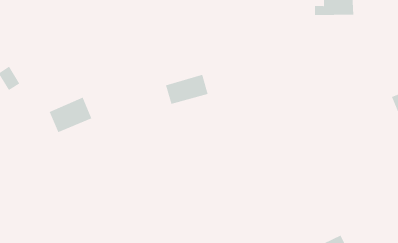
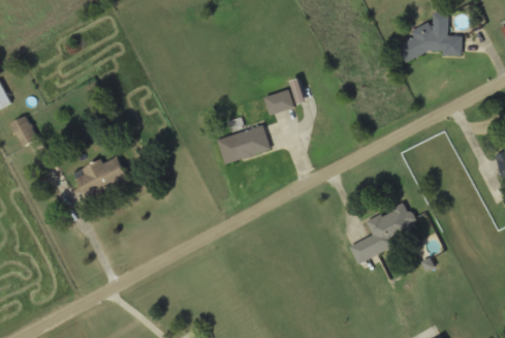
building: none -> [264,89,294,115]
building: none -> [350,203,419,262]

